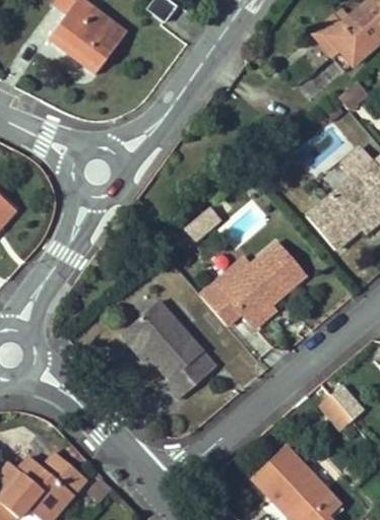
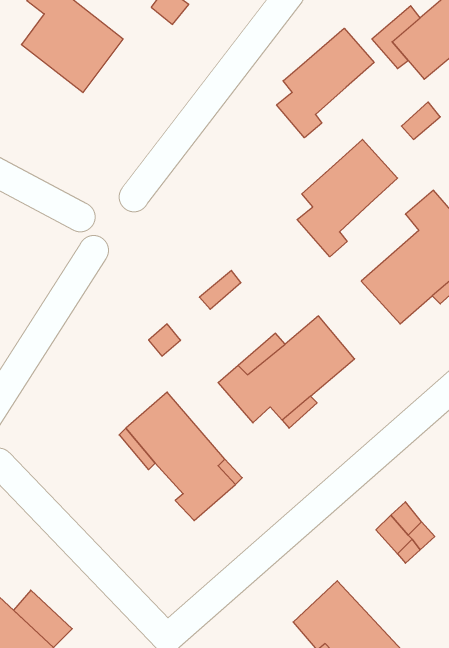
building: none -> [277,28,374,138]
building: none -> [297,139,398,257]

